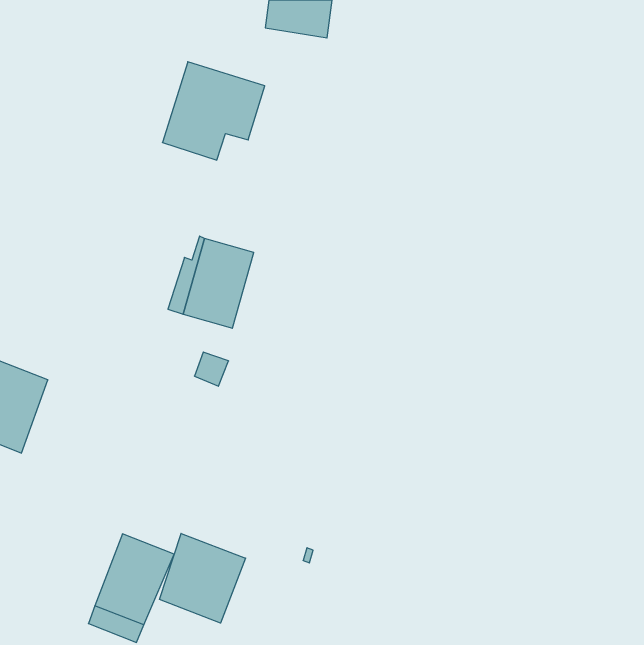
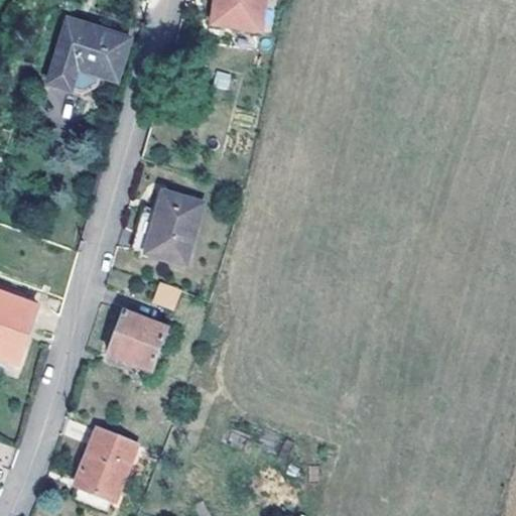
building: [162,62,265,160] -> [48,18,130,97]
building: none -> [108,309,167,368]
building: [159,533,246,623] -> none

